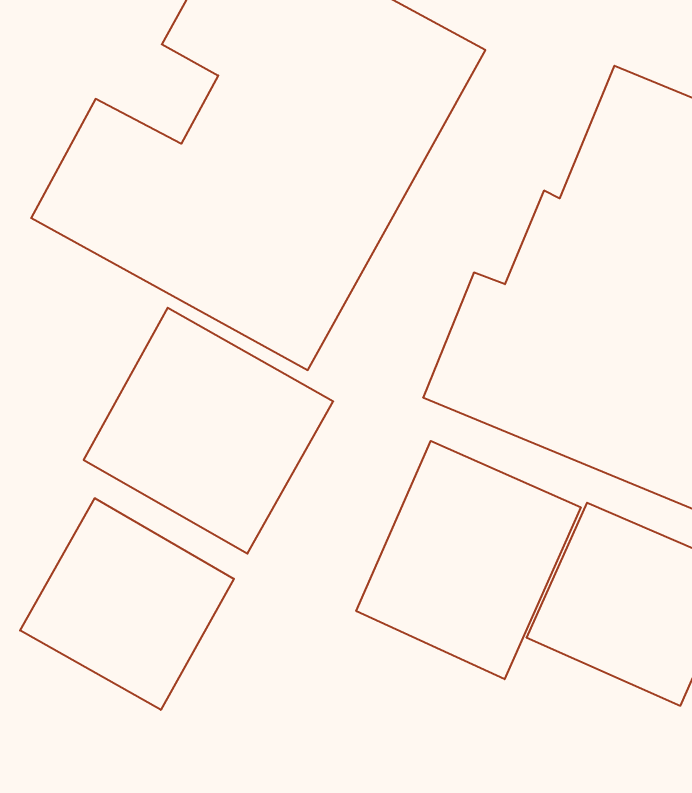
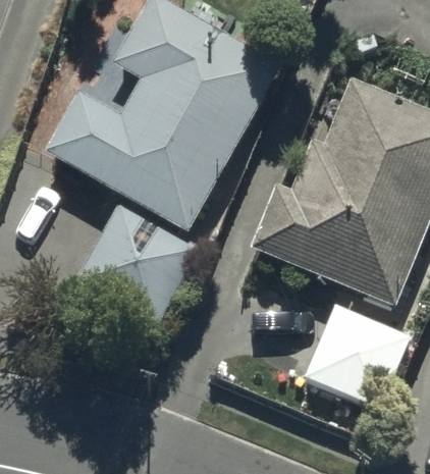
building: [356,441,581,679] -> none
building: [20,498,234,710] -> none

